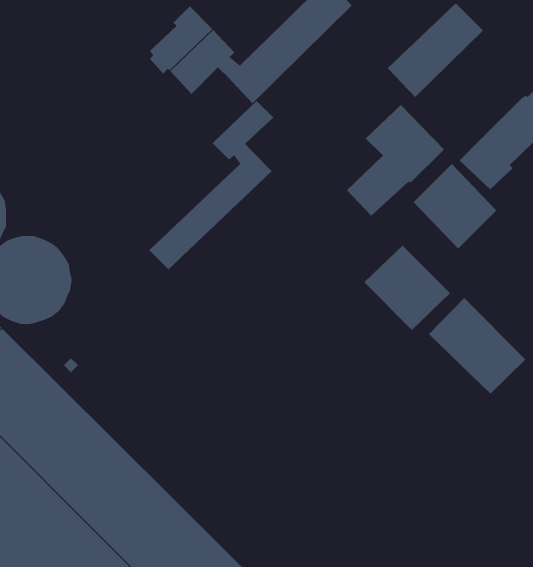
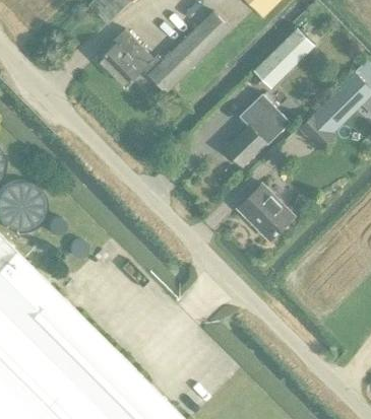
building: [149,100,274,270] -> none
building: [413,163,497,249] -> none
building: [428,297,526,394] -> none

